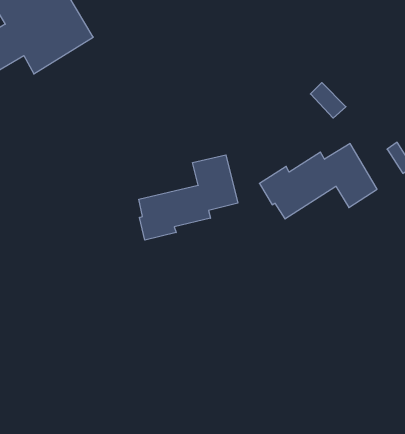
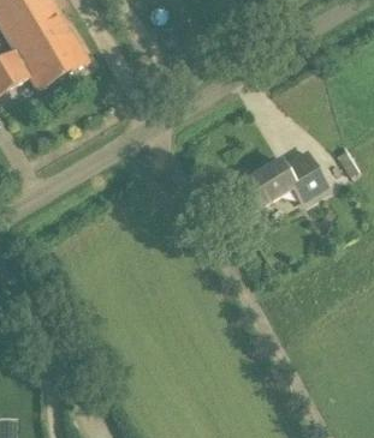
building: [139,155,238,240] -> none

